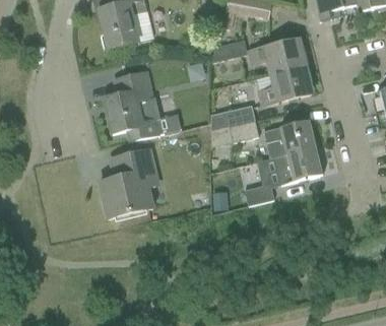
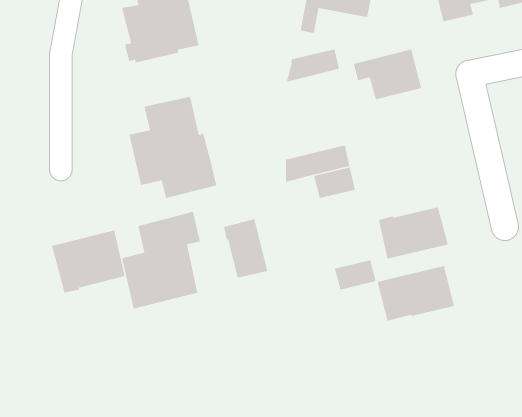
building: [258,66,313,106] -> none
building: [263,119,317,157] -> [377,265,455,321]
building: none -> [223,218,268,278]
building: none -> [51,230,125,293]

